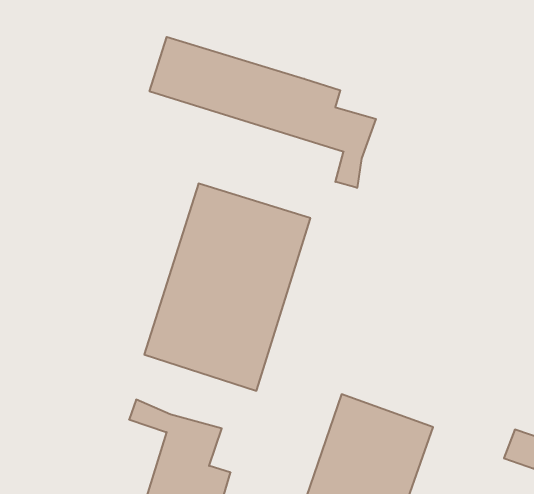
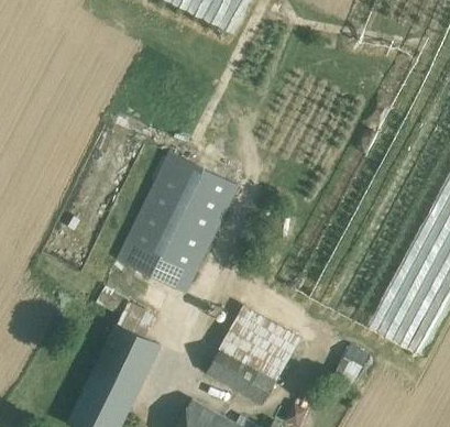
building: [150,37,376,188] -> none

